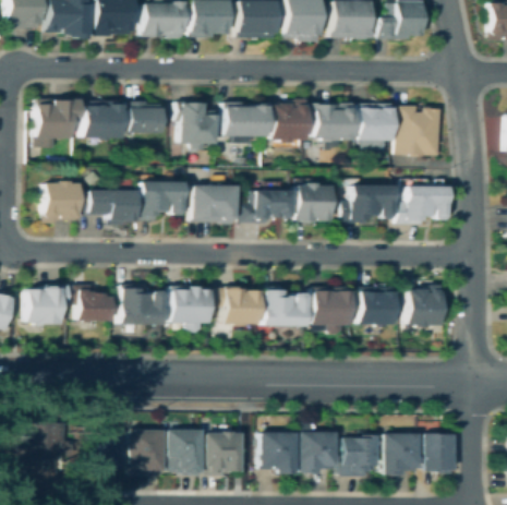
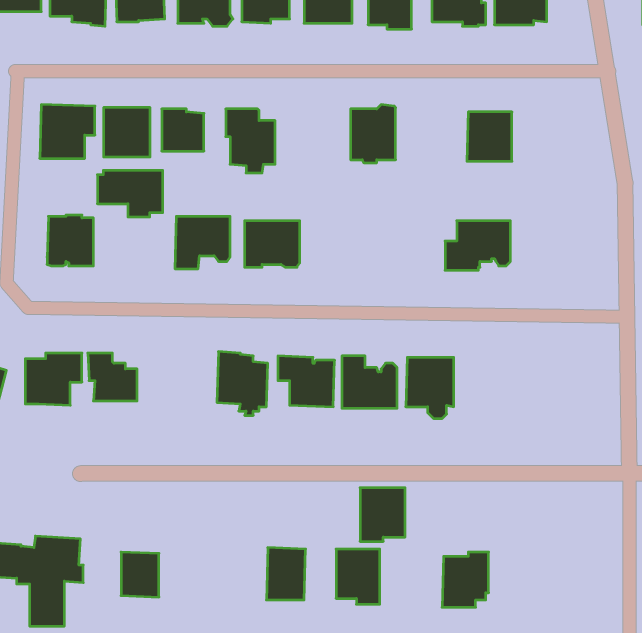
building: [313,103,357,140] -> none
building: [227,104,269,136] -> none
building: [400,106,443,155] -> none
building: [298,182,331,221] -> none
building: [400,187,449,224] -> none
building: [87,190,136,225] -> [97,170,163,217]
building: [241,191,291,223] -> none
building: [124,285,167,324] -> none
building: [410,285,444,327] -> none
building: [363,287,396,325] -> none
building: [173,431,209,476] -> none
building: [133,432,168,472] -> none
building: [302,432,336,472] -> [360,488,405,541]
building: [385,433,419,476] -> none
building: [425,433,454,473] -> none

